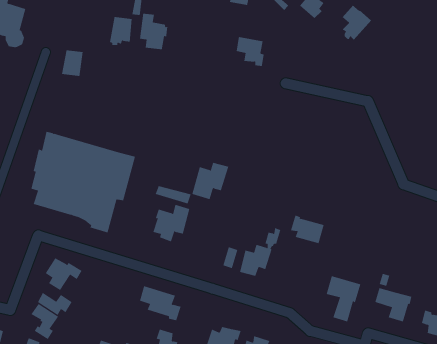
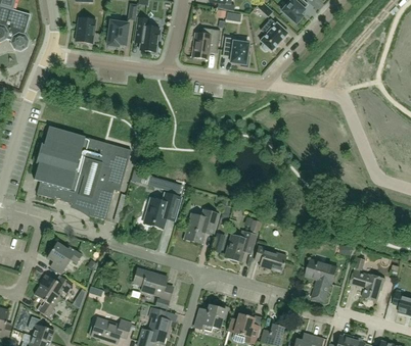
building: [342,5,372,40] -> [260,17,287,50]
building: none -> [191,30,220,58]
building: [61,50,83,76] -> [75,17,95,42]
building: [191,162,229,200] -> [185,208,220,243]
building: [290,215,325,244] -> [256,245,287,271]

